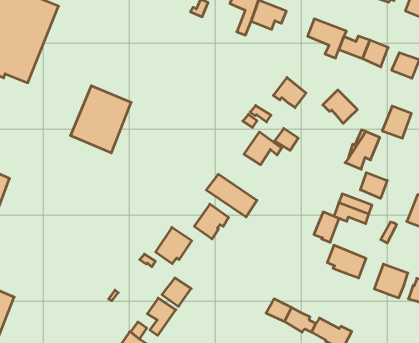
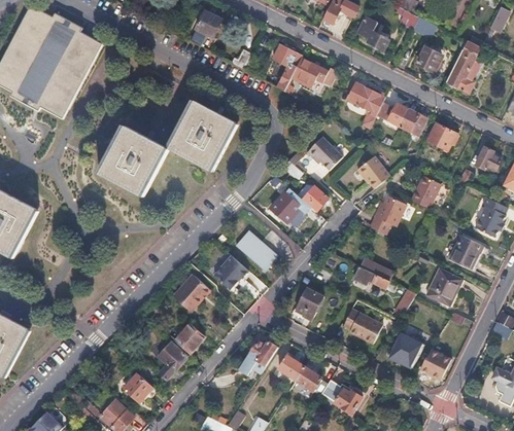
building: none -> [170,102,236,170]
building: [360,173,387,198] -> none
building: [314,212,339,242] -> [296,289,322,320]
building: none -> [248,342,277,366]

